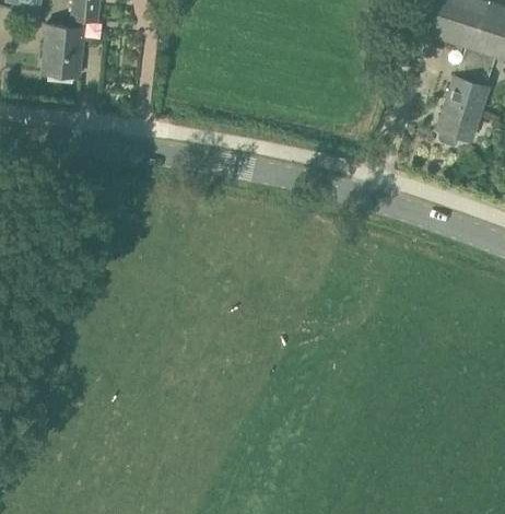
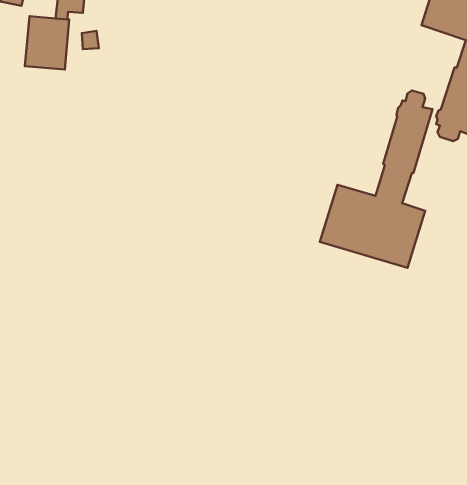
building: none -> [320,91,433,268]

